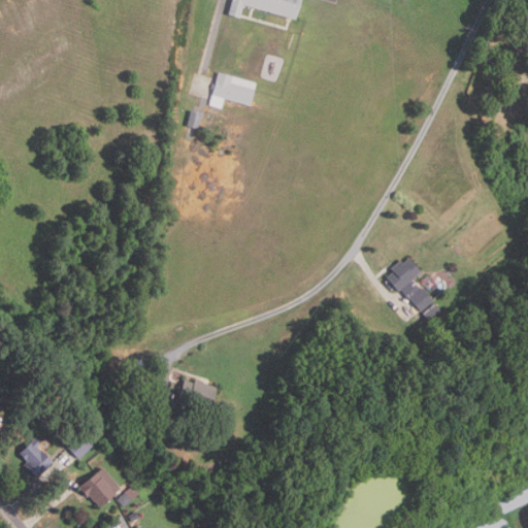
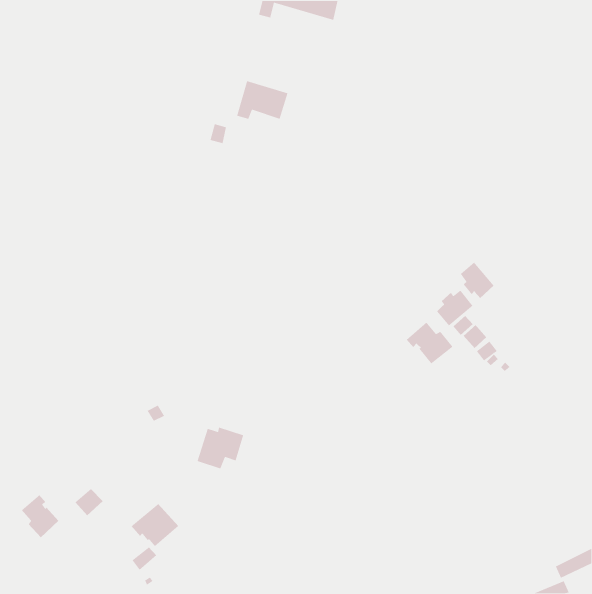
building: none -> [460,261,495,299]
building: none -> [406,321,453,364]
building: [78,467,122,506] -> [130,503,179,547]

